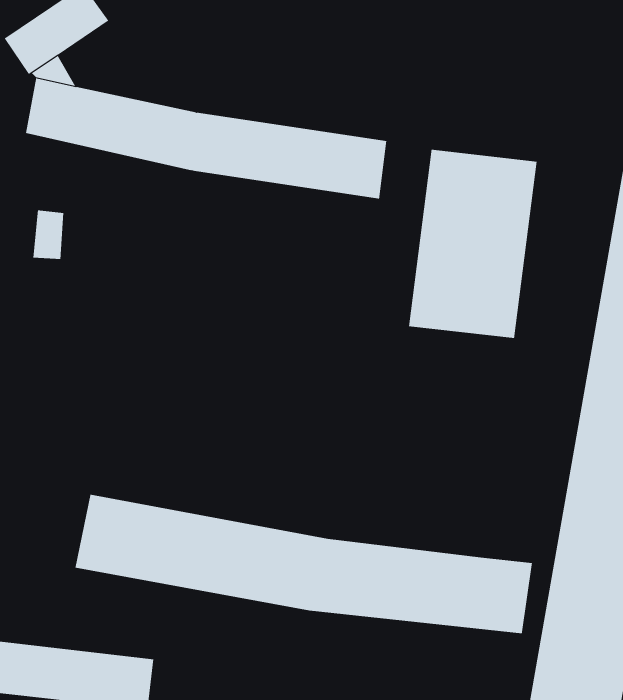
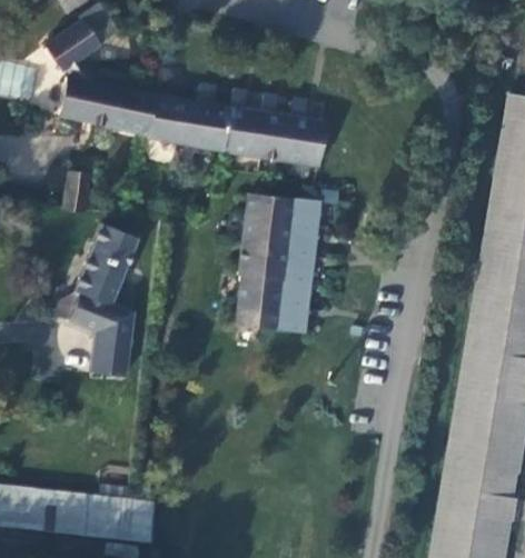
building: [408,149,537,339] -> [230,193,326,333]
building: none -> [52,225,137,378]
building: [75,494,532,634] -> none

